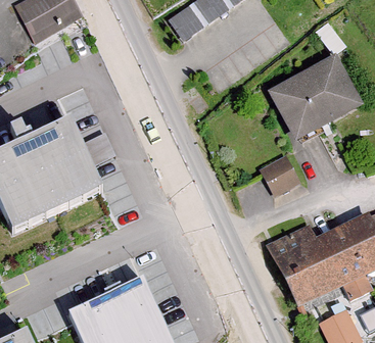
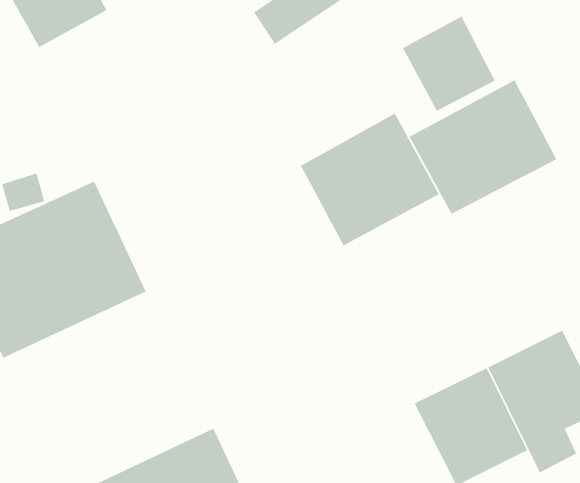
building: none -> [402,15,496,112]
building: none -> [300,112,440,246]
building: [256,153,299,196] -> none

